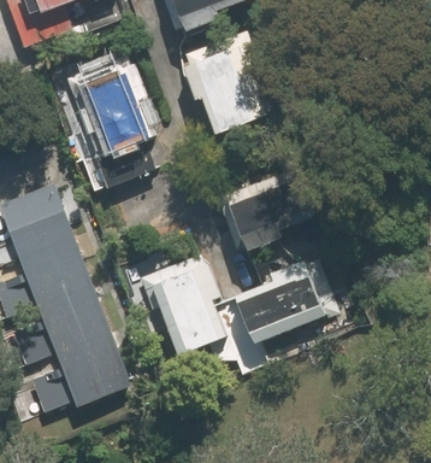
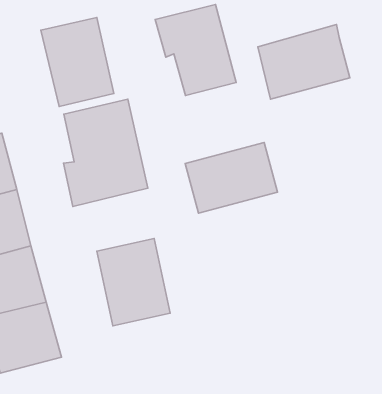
building: none -> [258,25,350,99]
building: none -> [64,99,148,207]
building: [236,270,326,341] -> none

